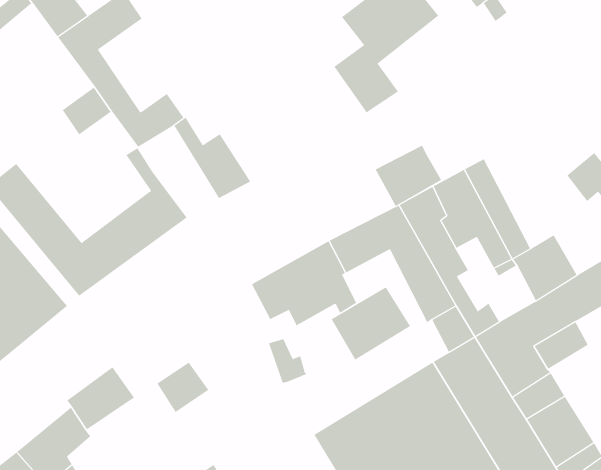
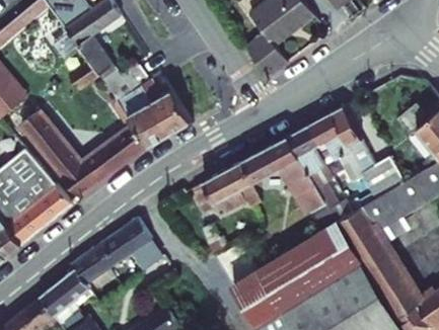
building: none -> [118,85,170,145]
building: [375,145,442,207] -> none
building: [331,286,411,360] -> none
building: none -> [101,218,151,262]

